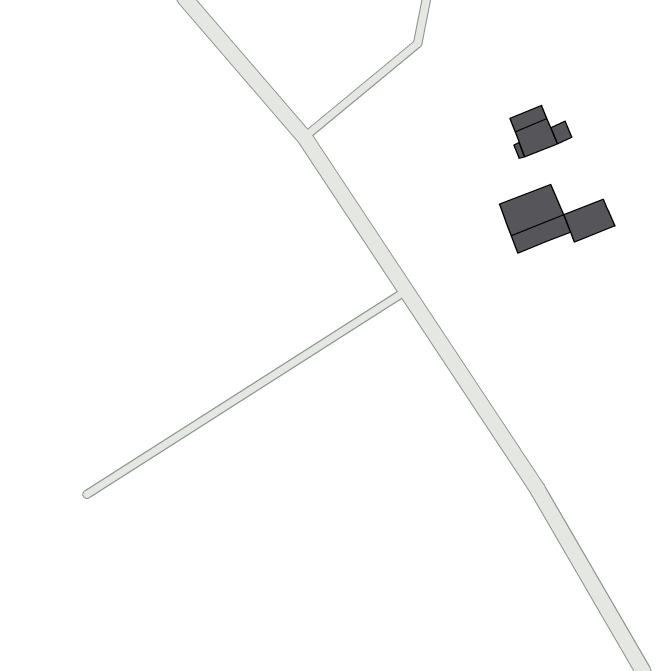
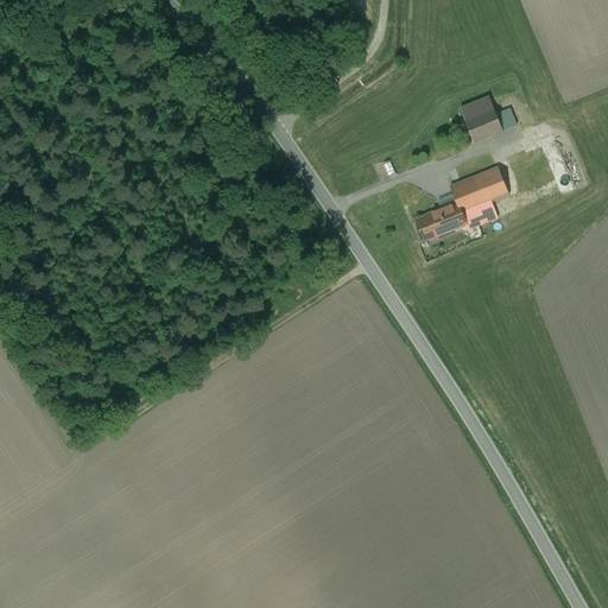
building: [564,199,615,242] -> none
building: none -> [416,203,464,239]

